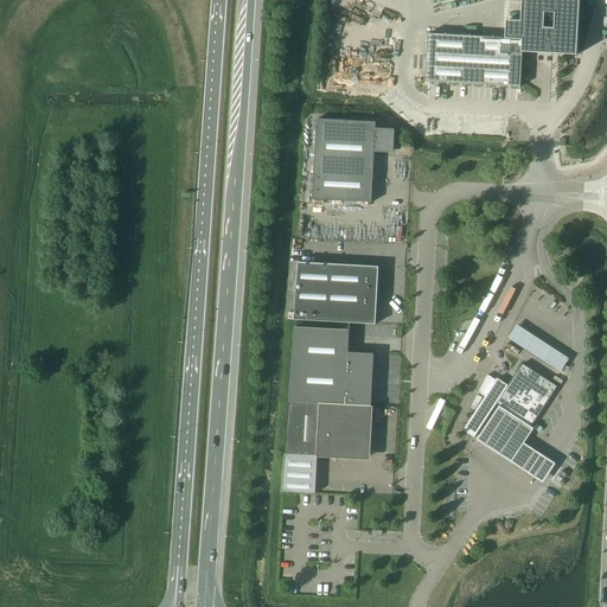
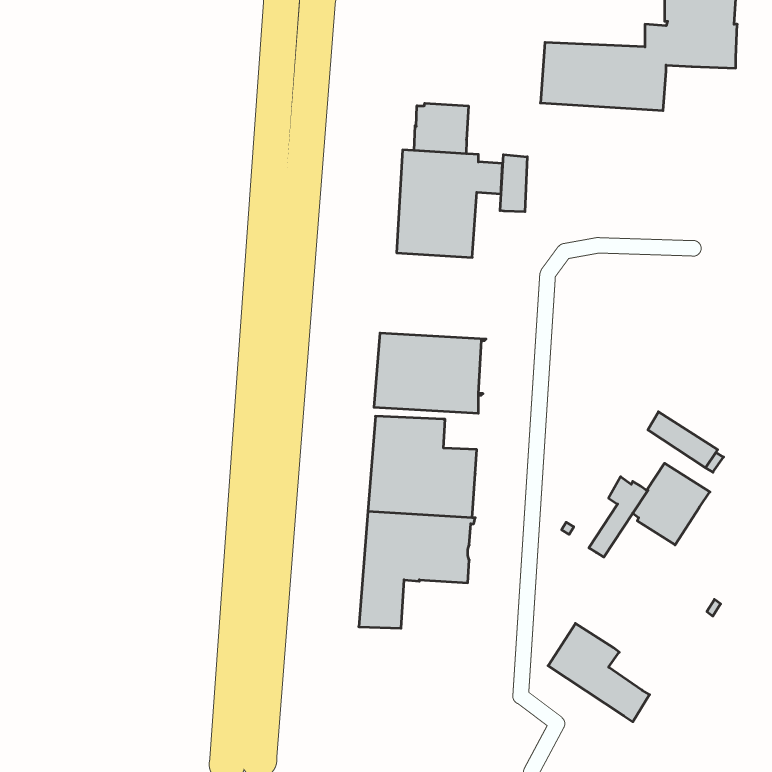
building: none -> [414,103,468,154]
building: none -> [500,155,527,212]
building: [478,408,557,485] -> [548,623,650,722]

